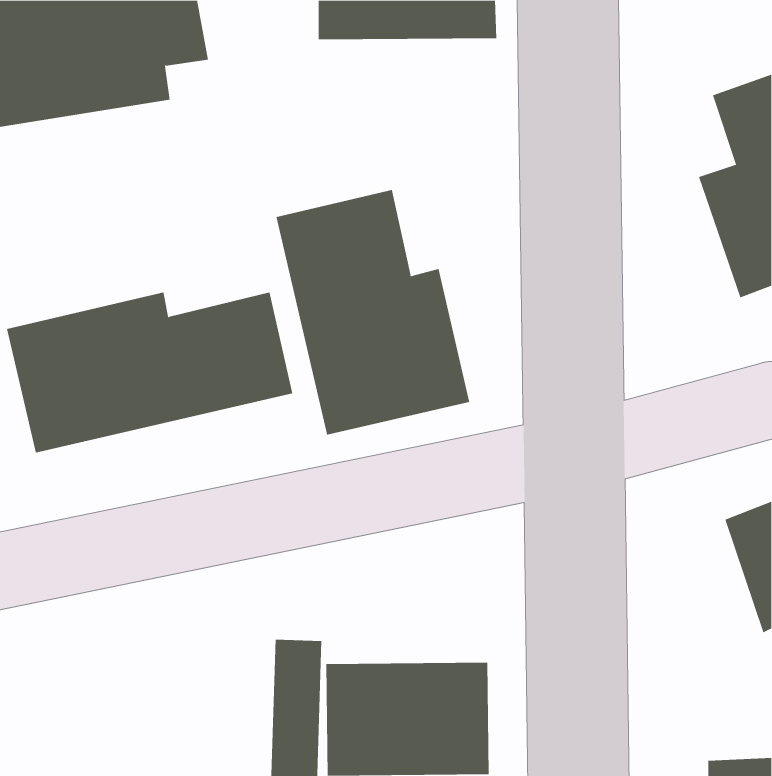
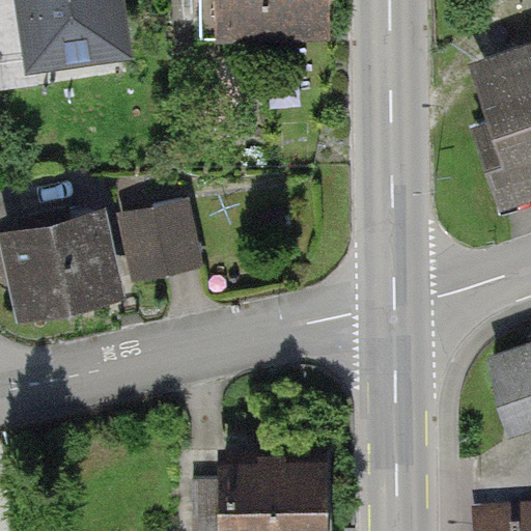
building: [276,189,470,435] -> none

